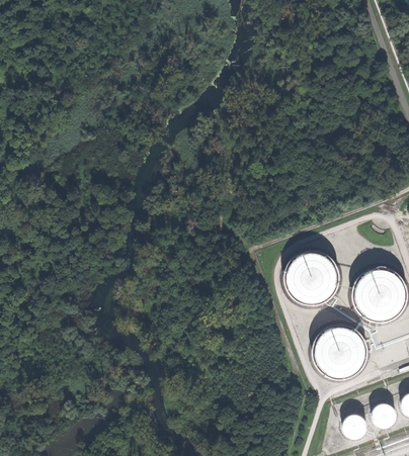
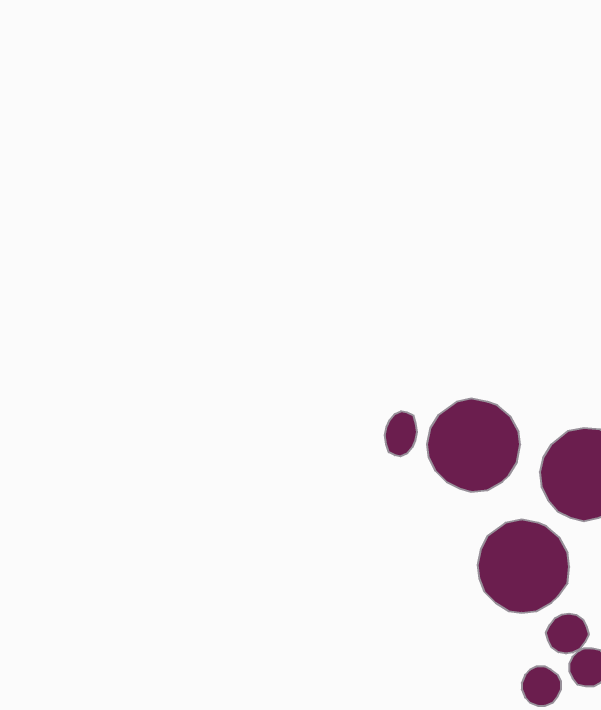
building: none -> [385,411,417,456]
building: none -> [546,614,589,654]

